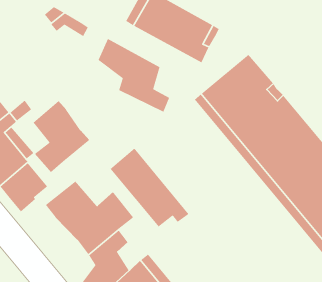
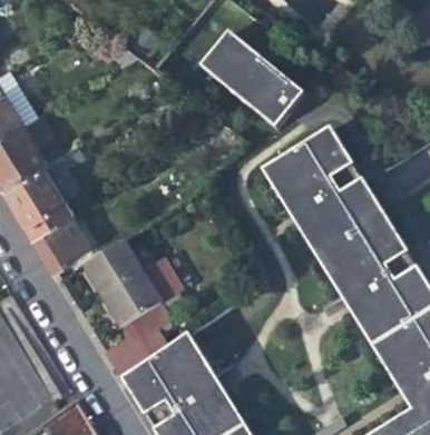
building: [98,38,170,113] -> none
building: [33,100,90,173] -> none
building: [110,147,189,227] -> none

